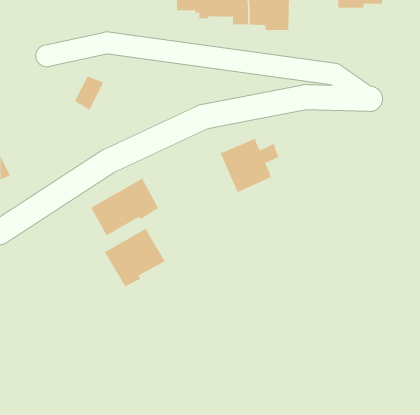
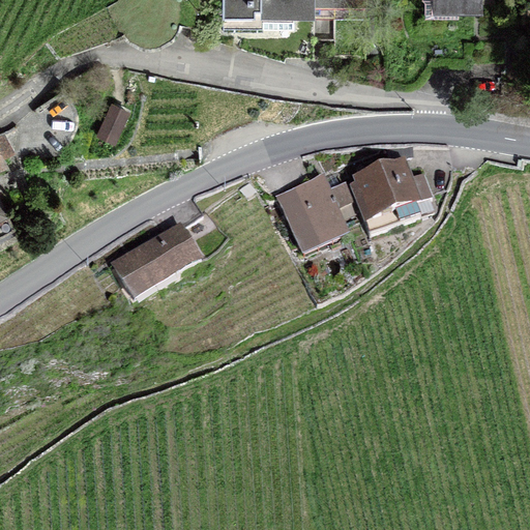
building: none -> [350,160,431,231]
building: [104,228,165,287] -> none

